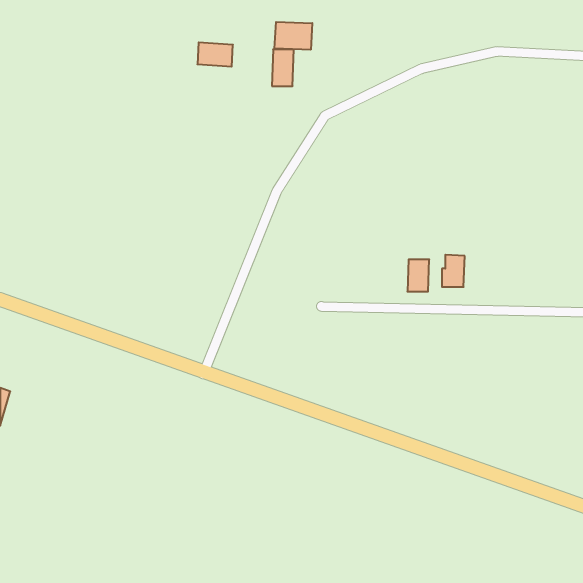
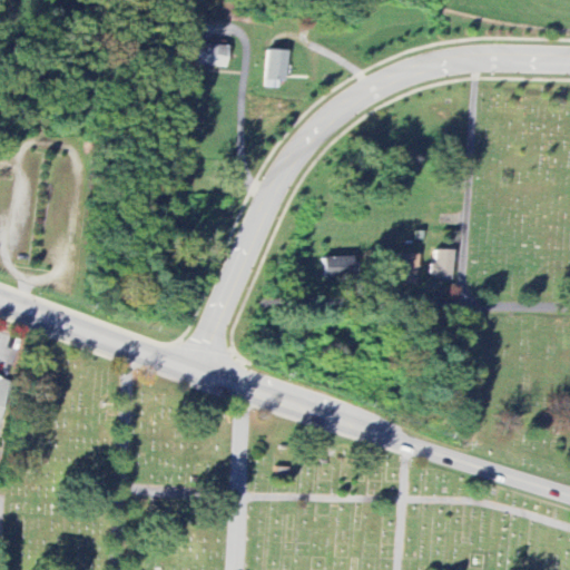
building: [275,22,312,50] -> none
building: none -> [324,255,355,276]

